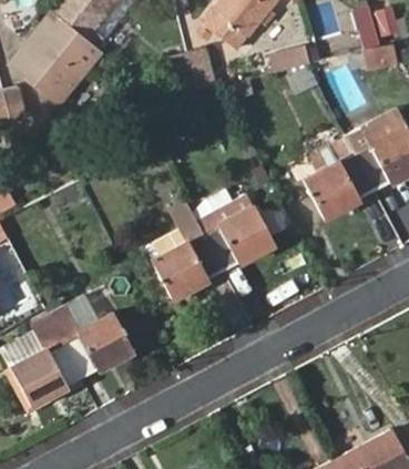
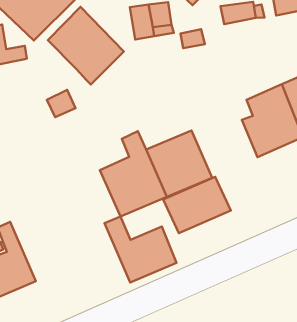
building: none -> [48,7,124,85]
building: none -> [163,177,231,233]
building: [49,304,134,378] -> [105,217,176,283]

